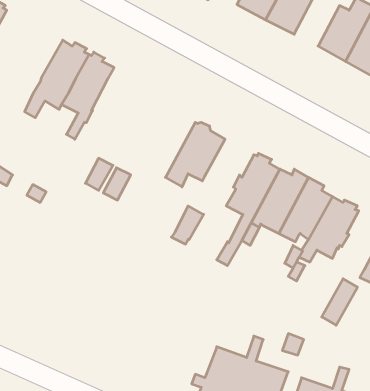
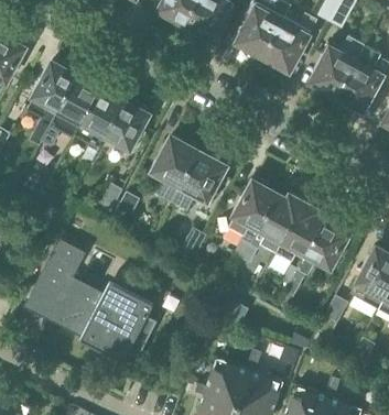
building: none -> [28,61,76,146]
building: none -> [102,101,148,154]
building: none -> [150,138,198,203]
building: none -> [24,239,156,364]

